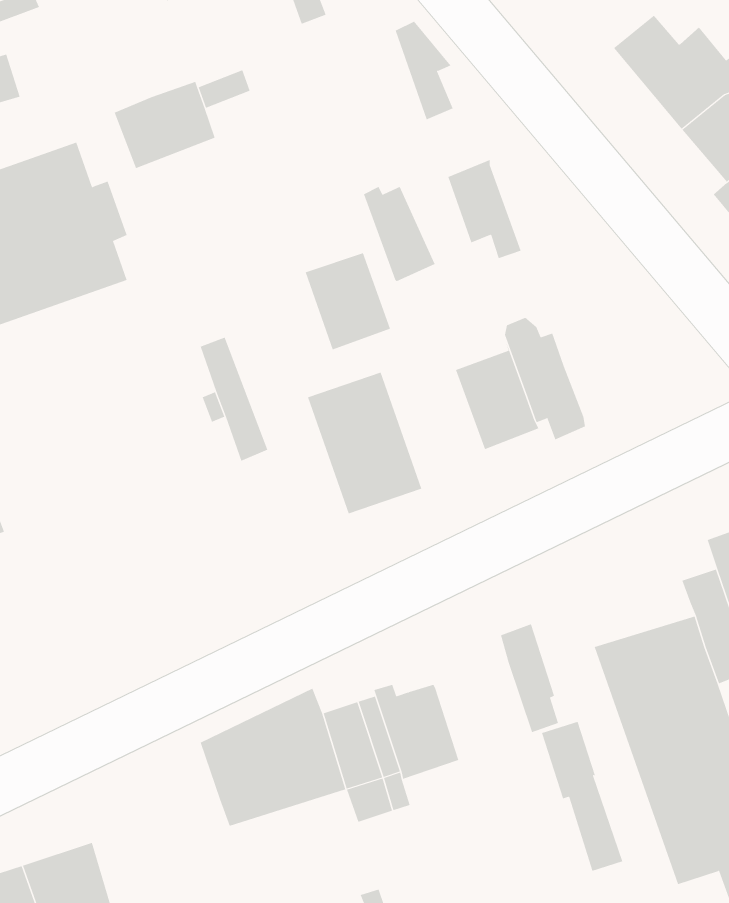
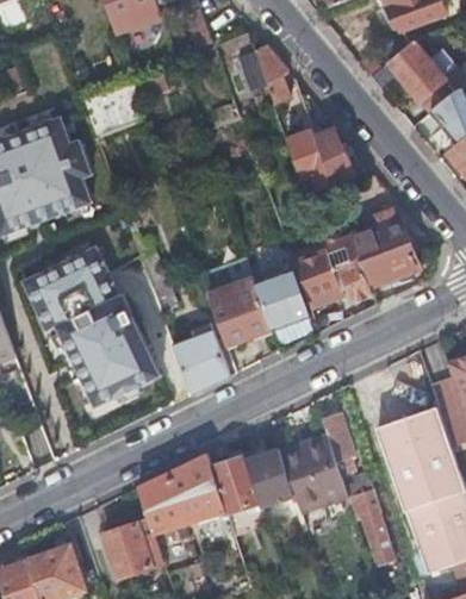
building: [363,186,435,282] -> [313,127,358,186]
building: [305,253,391,350] -> [255,270,307,330]
building: none -> [352,208,418,286]
building: none -> [23,247,161,406]
building: none -> [173,324,230,394]
building: none -> [280,436,346,513]
building: none -> [104,519,163,578]

